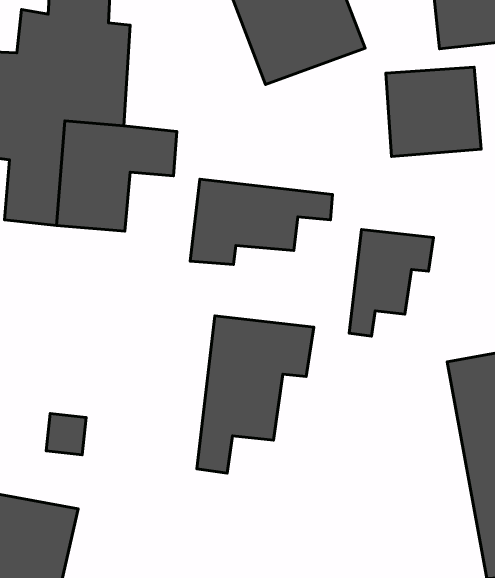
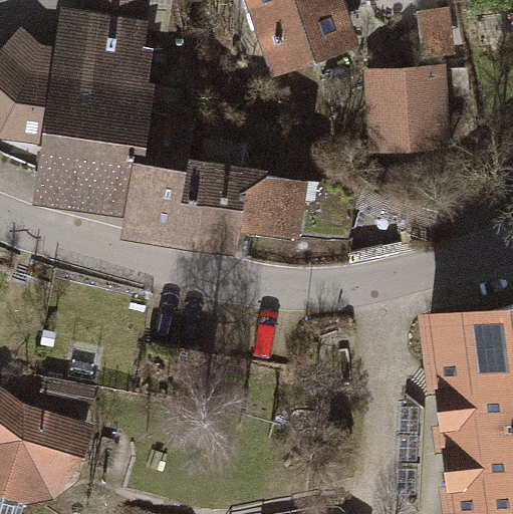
building: none -> [140,151,209,228]
building: [349,229,434,336] -> none
building: [197,316,314,473] -> none

